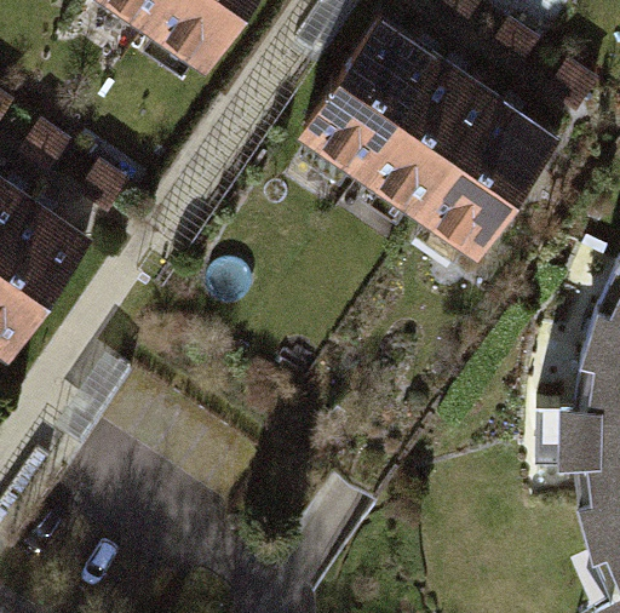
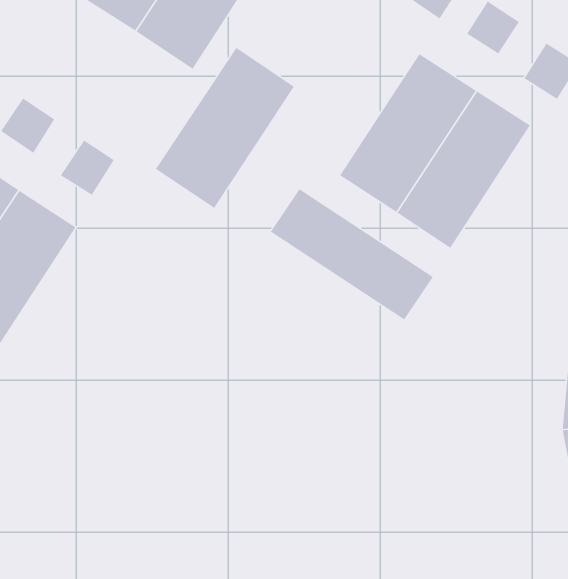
building: [299,19,441,183] -> [155,47,295,209]
building: none -> [270,188,434,321]

